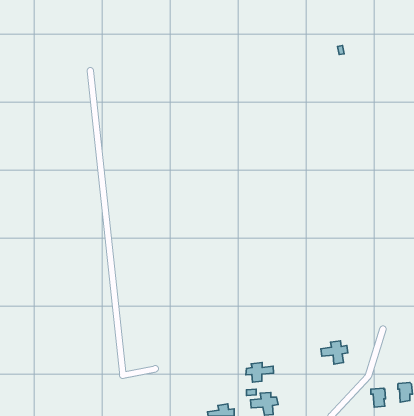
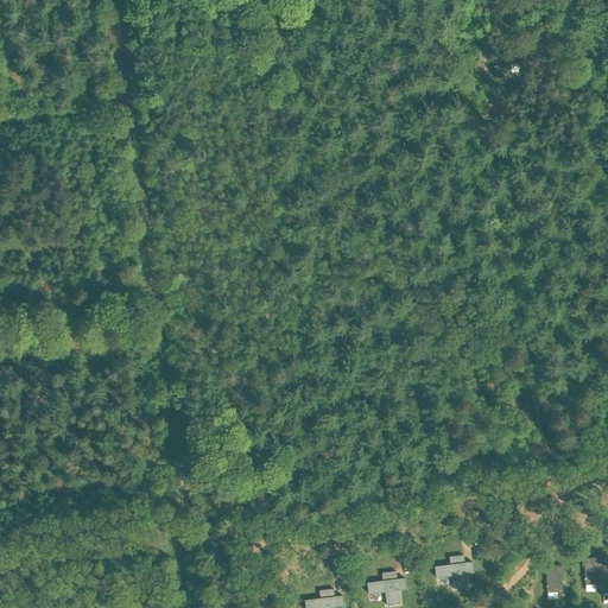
building: [321,341,348,364] -> [436,556,475,590]
building: [246,363,274,382] -> none

